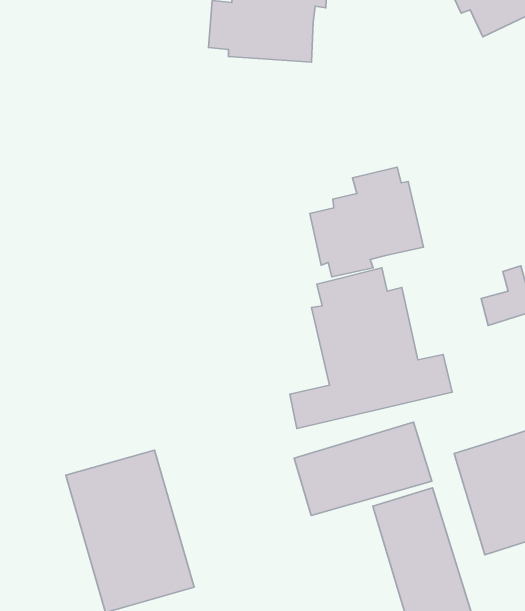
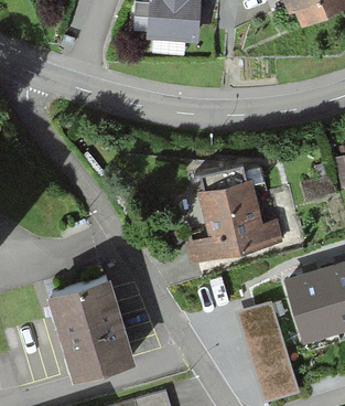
building: [310,167,424,277] -> none
building: [294,422,432,516] -> none

